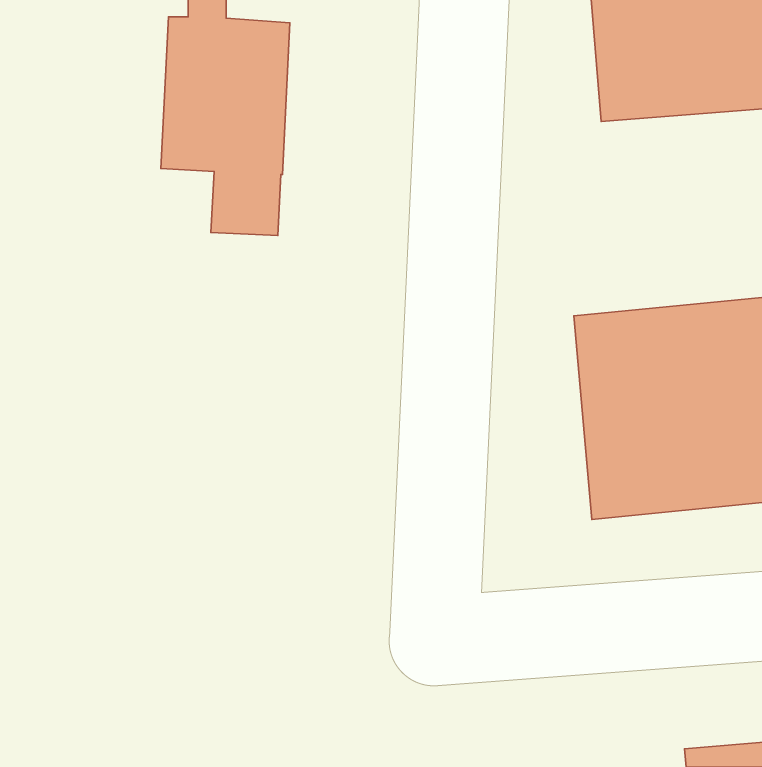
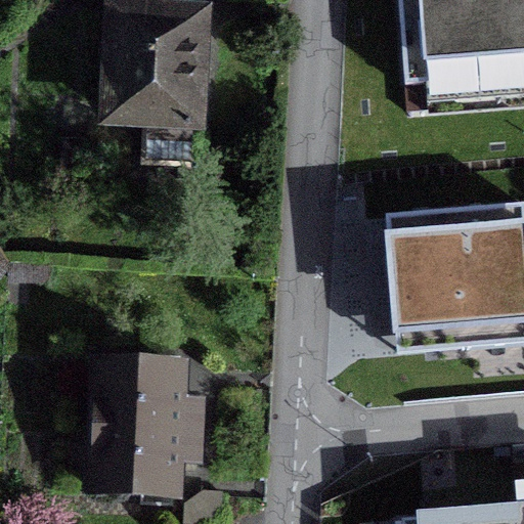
building: none -> [96,362,206,489]

